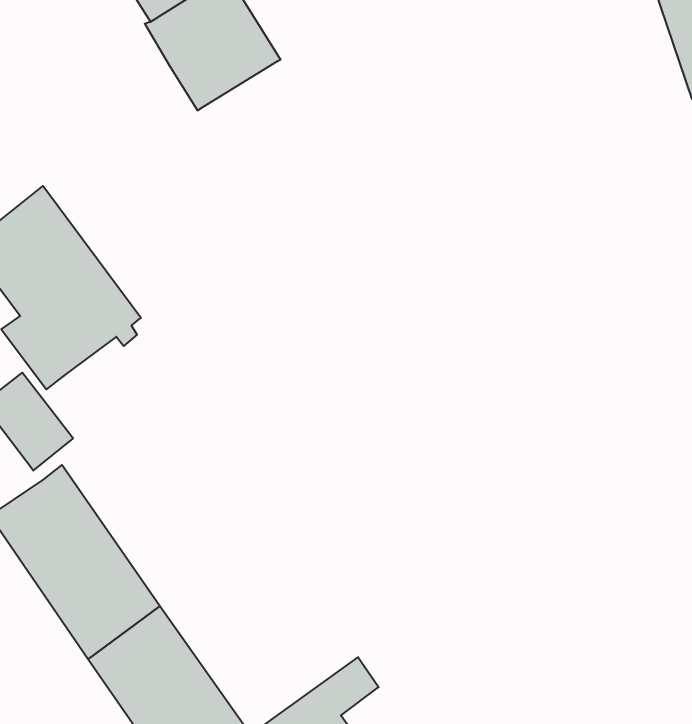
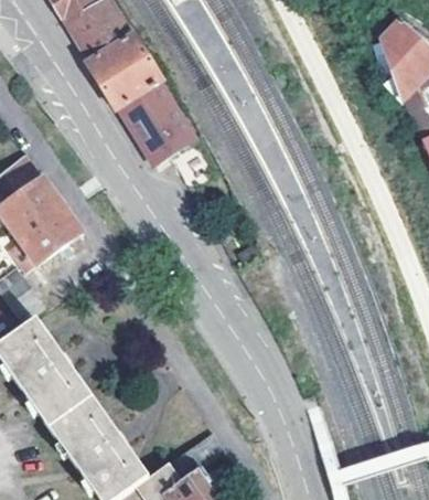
building: none -> [119,83,197,167]

